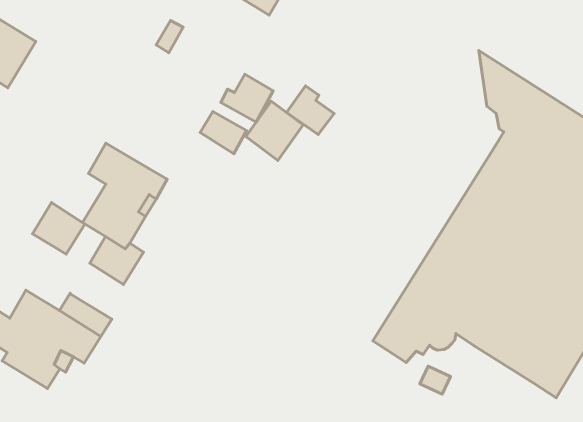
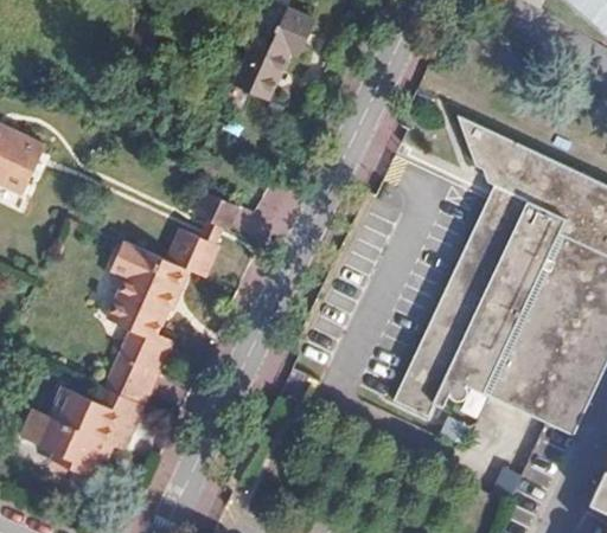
building: [221,74,273,122] -> none
building: [286,86,334,135] -> none
building: none -> [162,229,212,276]
building: [33,203,85,254] -> [103,358,152,405]

